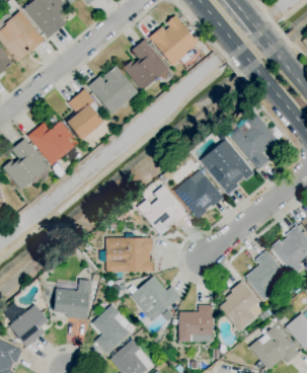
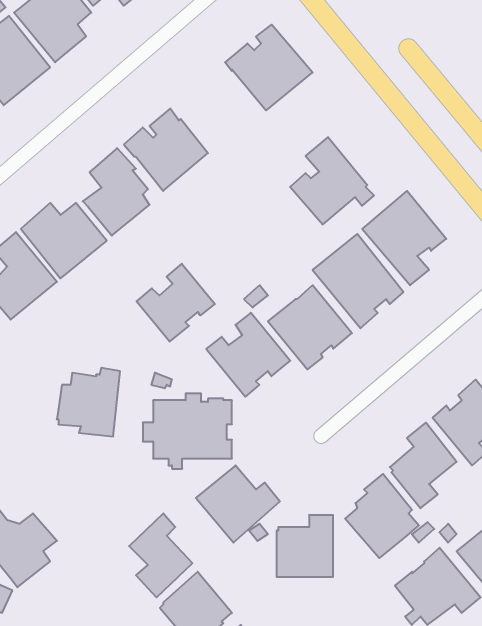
building: [123,39,172,90] -> [290,137,374,225]
building: none -> [137,264,215,342]
building: [53,279,90,319] -> [57,368,120,436]

